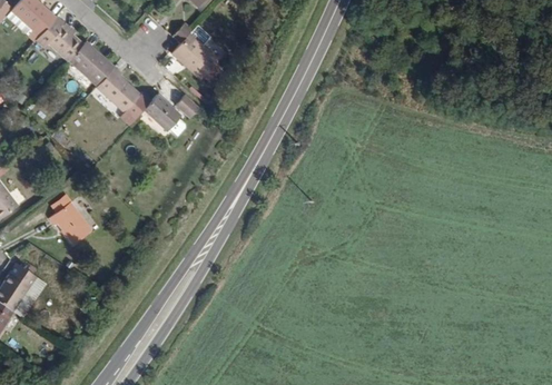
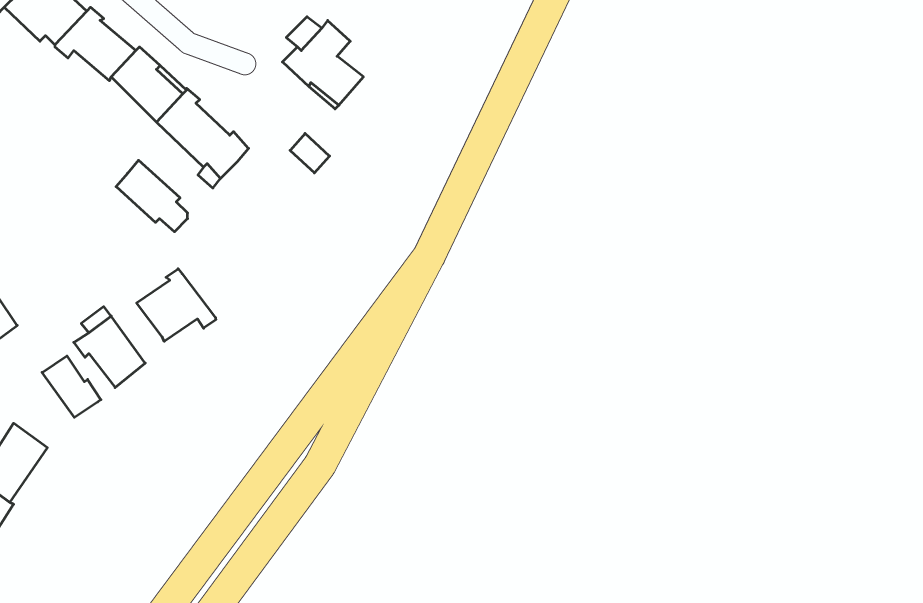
building: [145,93,187,136] -> [116,160,188,232]
building: none -> [137,269,216,341]
building: none -> [42,356,101,417]

